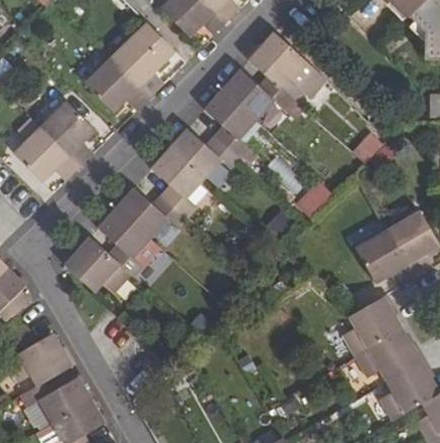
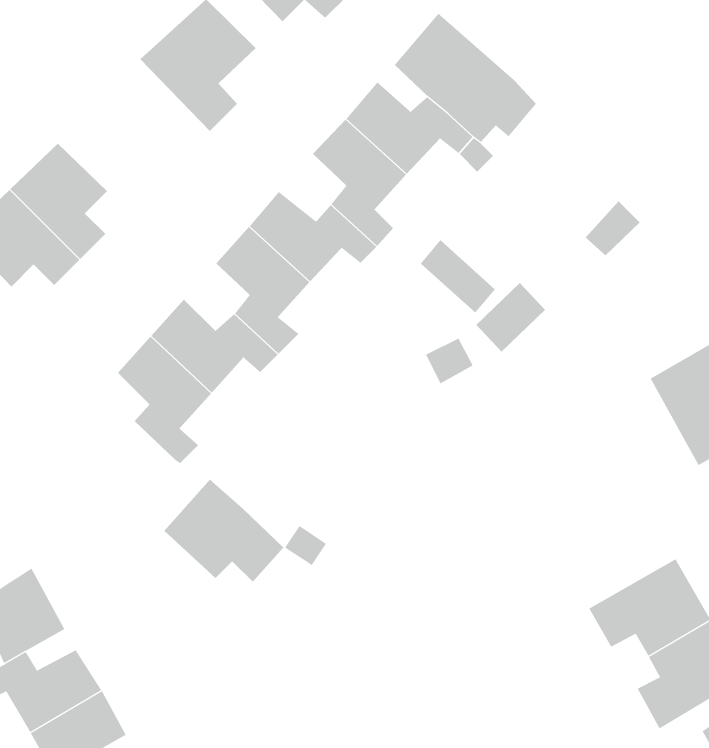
building: [85,56,149,110] -> none
building: [355,230,414,287] -> none
building: [64,237,130,293] -> [164,479,284,583]
building: [342,295,402,354] -> none

